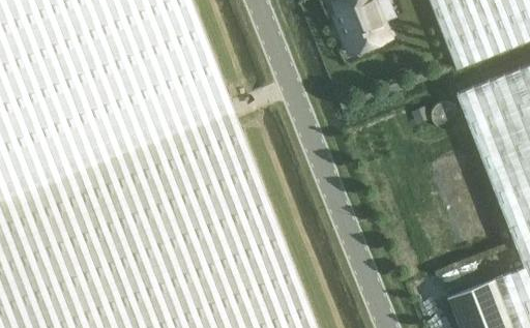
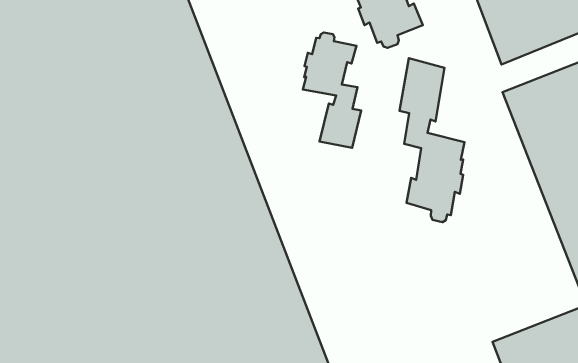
building: none -> [303,33,361,148]
building: none -> [399,58,464,222]

